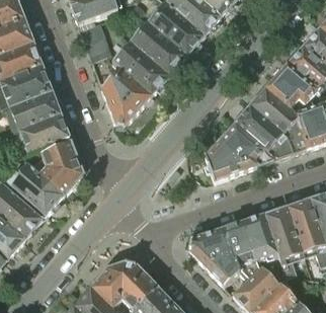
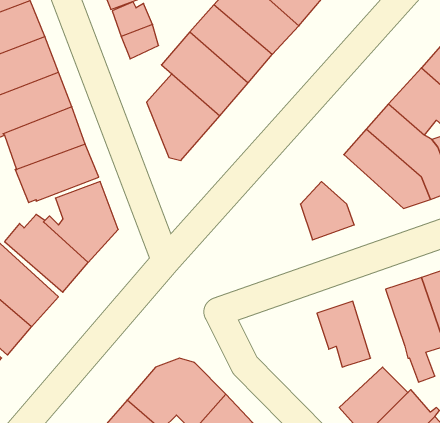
building: [221,123,276,170] -> none
building: [242,214,277,260] -> none
building: [189,230,241,286] -> none

